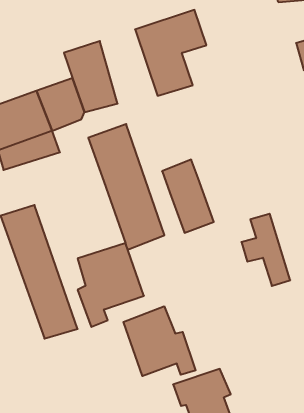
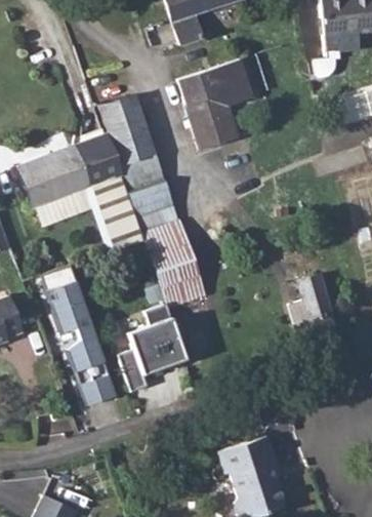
building: [162,160,214,233] -> [90,174,144,251]
building: [123,306,196,376] -> none

